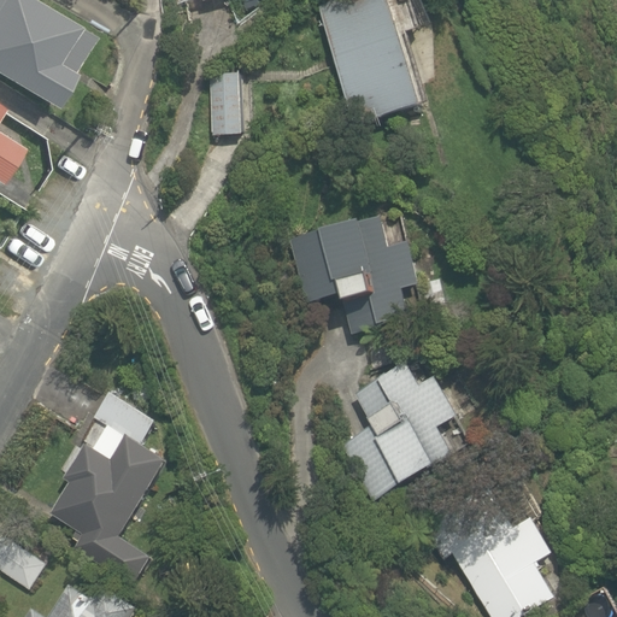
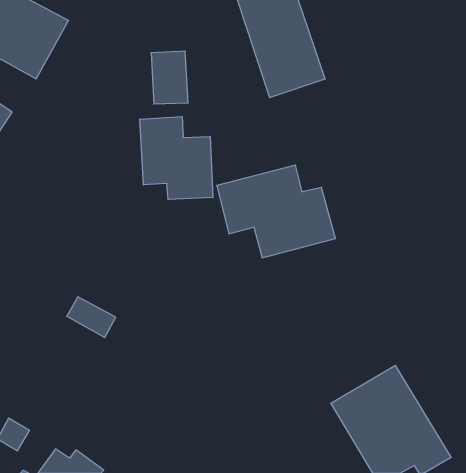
building: none -> [140,117,213,200]
building: [348,352,477,495] -> none
building: [49,435,164,543] -> none

